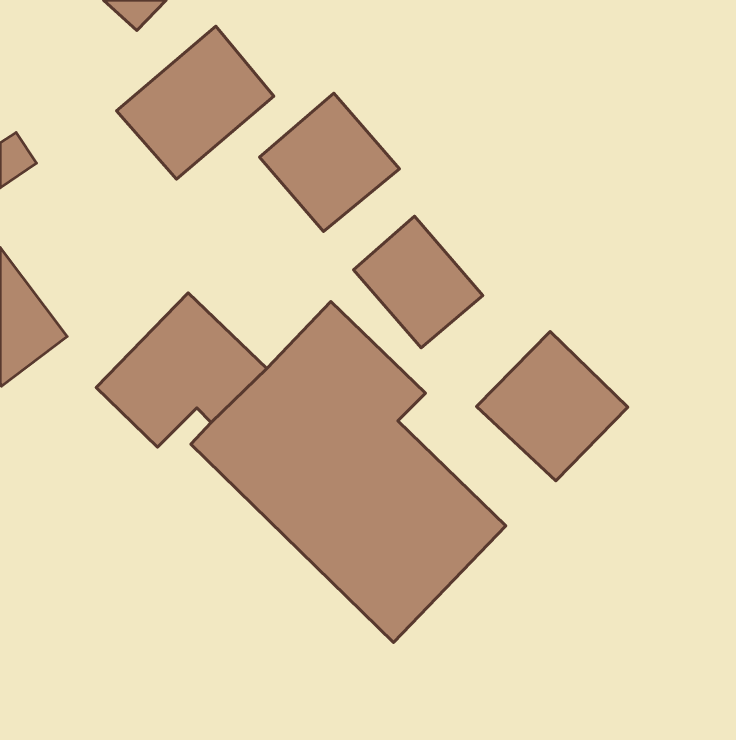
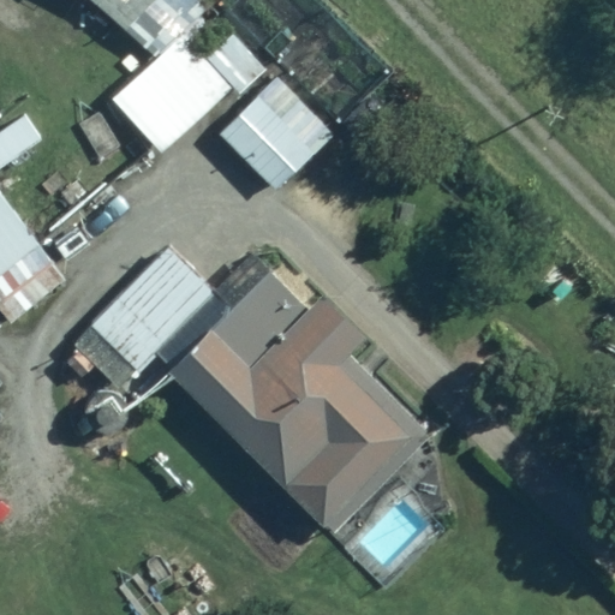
building: [354,216,483,348] -> none
building: [477,331,628,481] -> none

